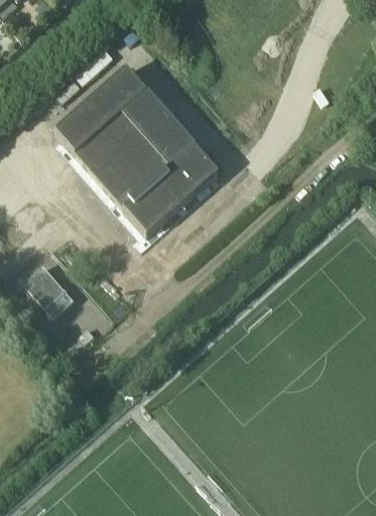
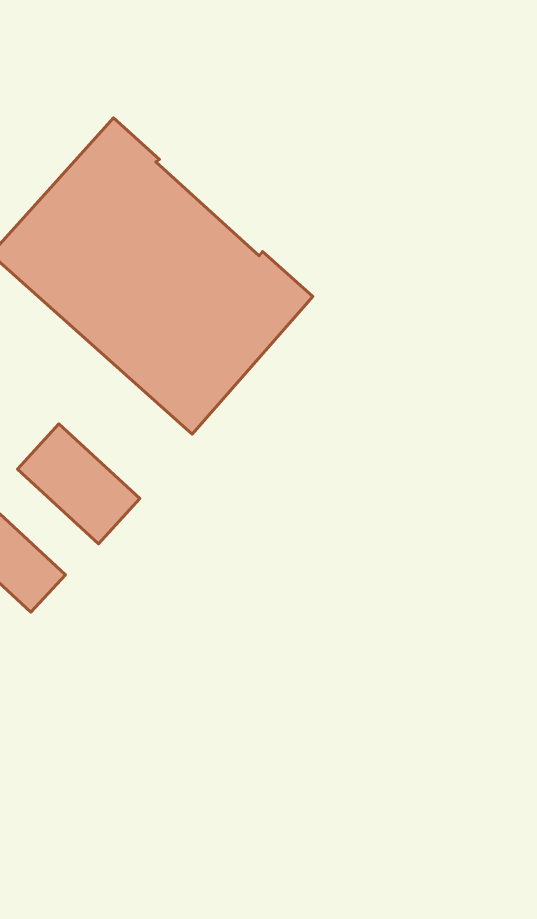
building: none -> [17,424,140,544]

